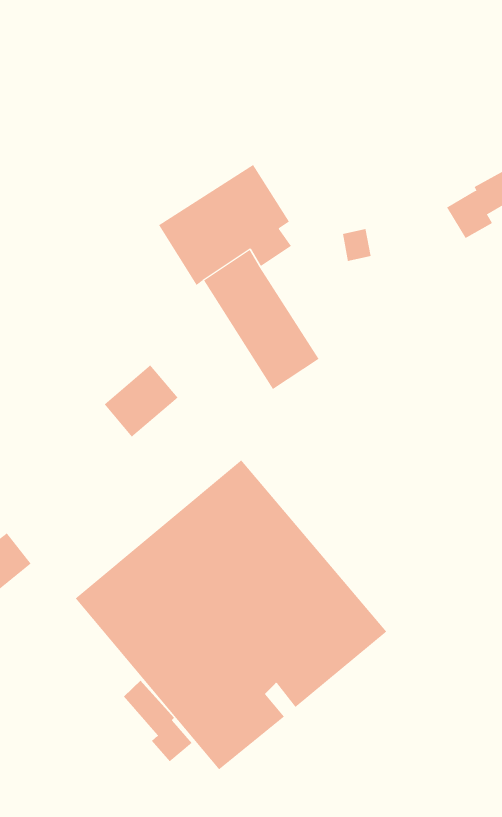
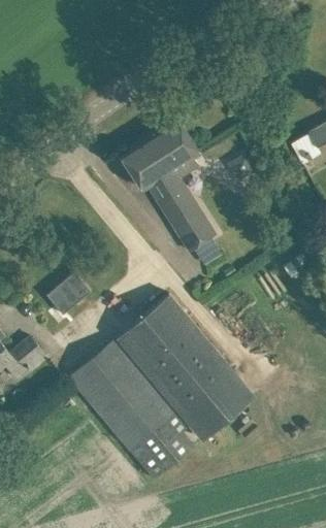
building: [104,364,178,437] -> [48,270,93,314]
building: [123,680,193,762] -> none

